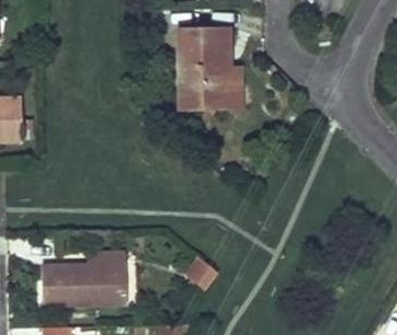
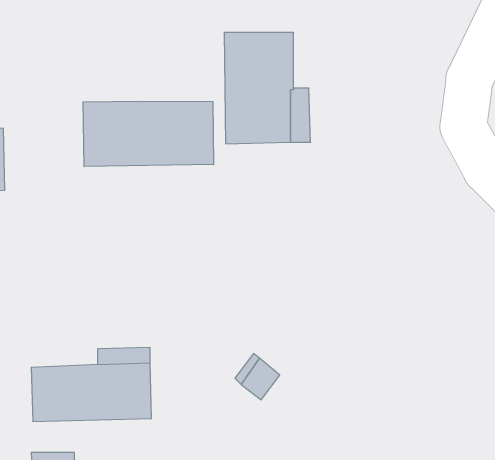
building: none -> [83,101,214,167]

